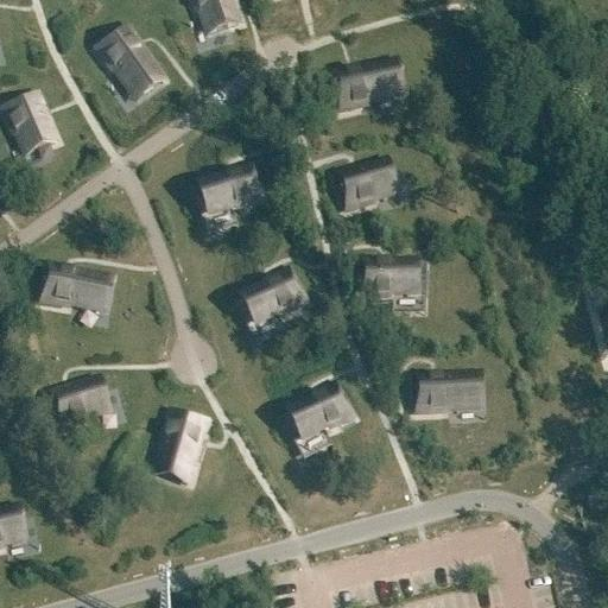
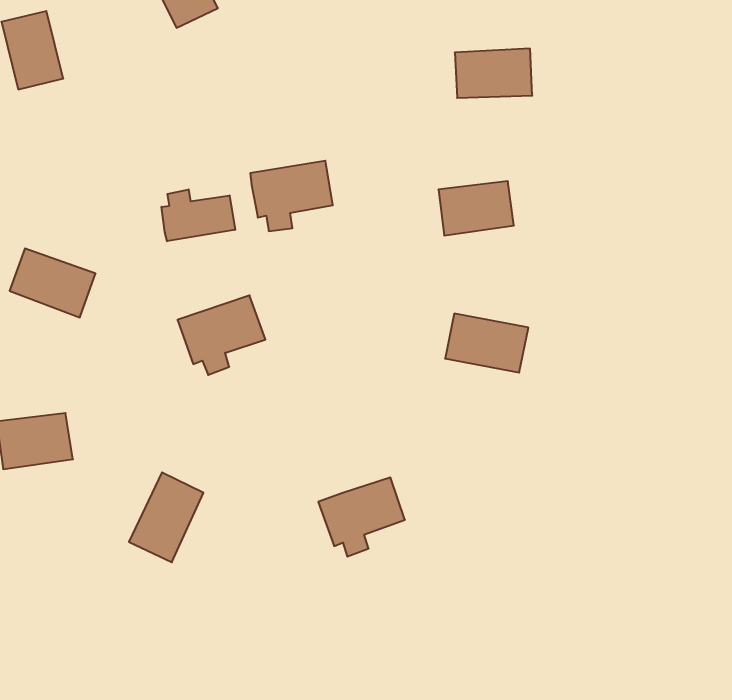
building: none -> [162,189,235,241]
building: [240,272,305,334] -> [177,295,265,375]
building: [414,375,470,411] -> none

